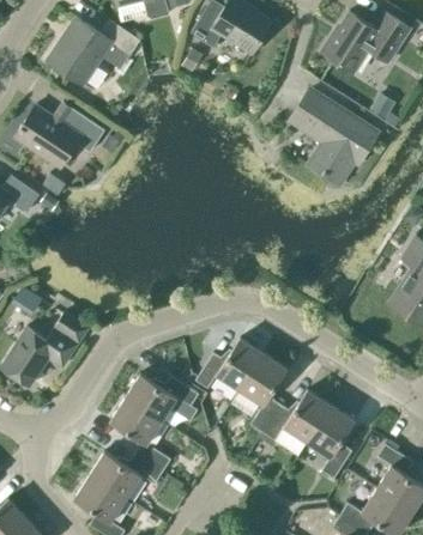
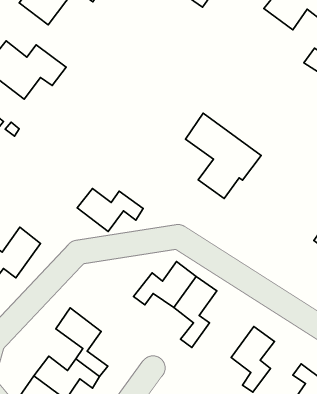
building: [291,91,376,184] -> [185,113,261,199]
building: [125,375,198,421] -> [77,188,143,231]
building: [262,391,330,442] -> none

